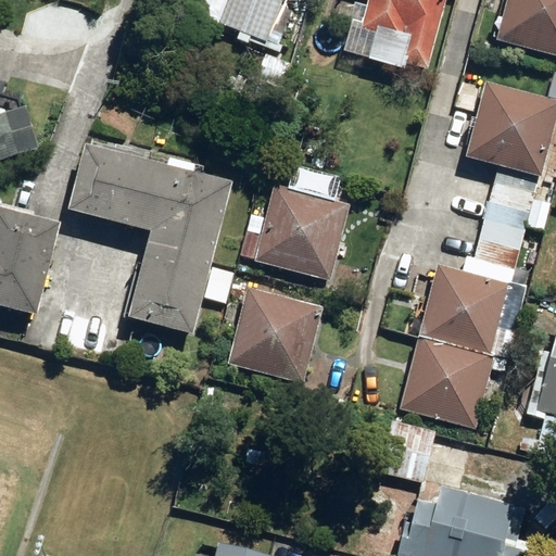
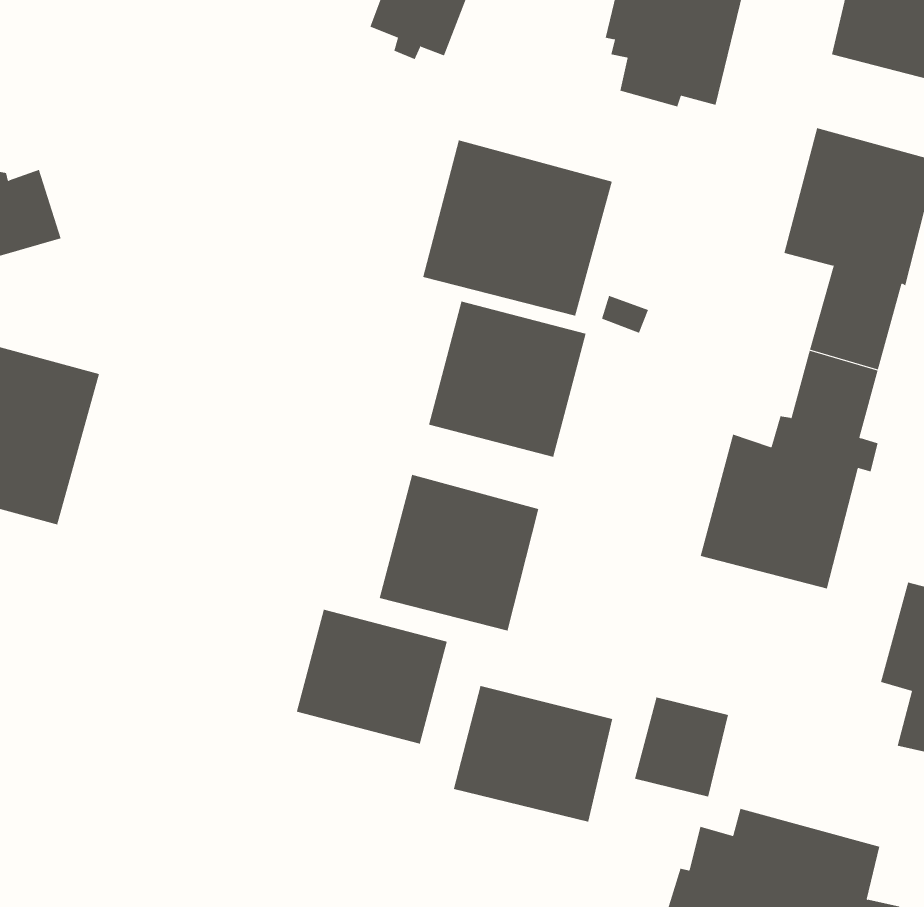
building: none -> [422,139,613,316]
building: [67,148,232,334] -> none
building: [399,336,493,426] -> none
building: none -> [296,609,448,745]
building: none -> [453,685,613,823]

